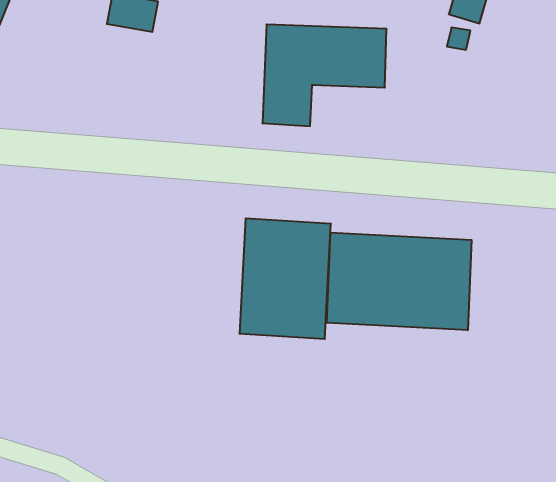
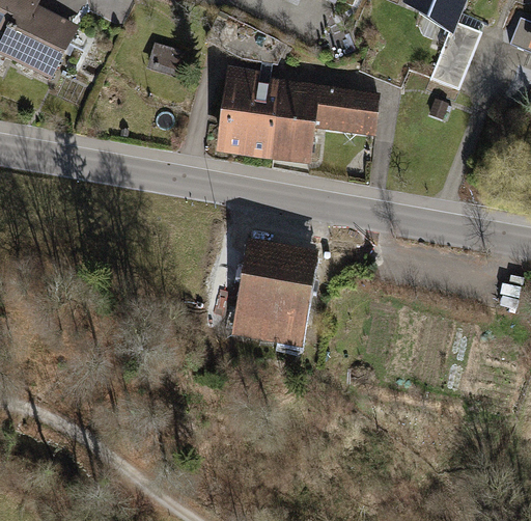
building: none -> [214,70,280,159]
building: [327,232,472,330] -> none

